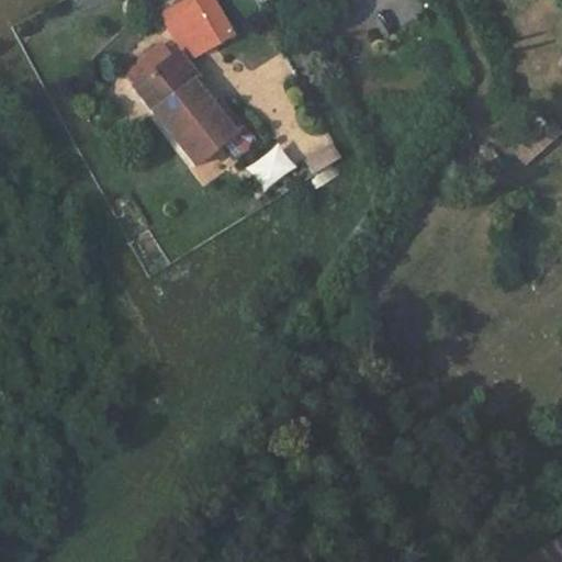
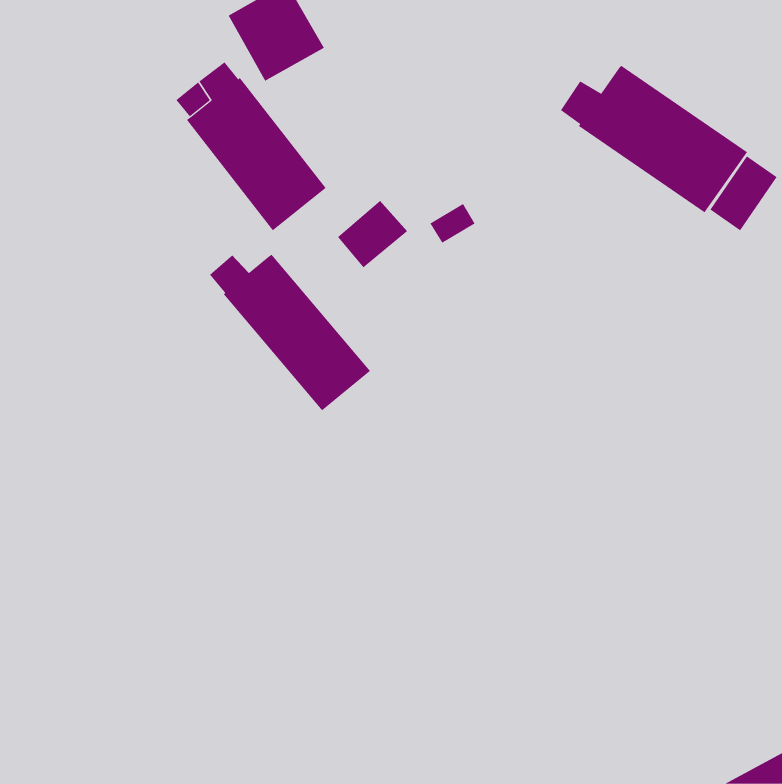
building: none -> [560,65,748,213]
building: none -> [209,254,371,411]

